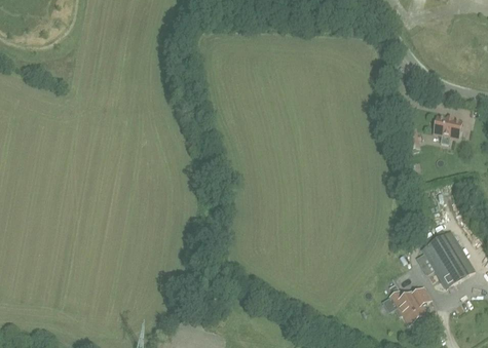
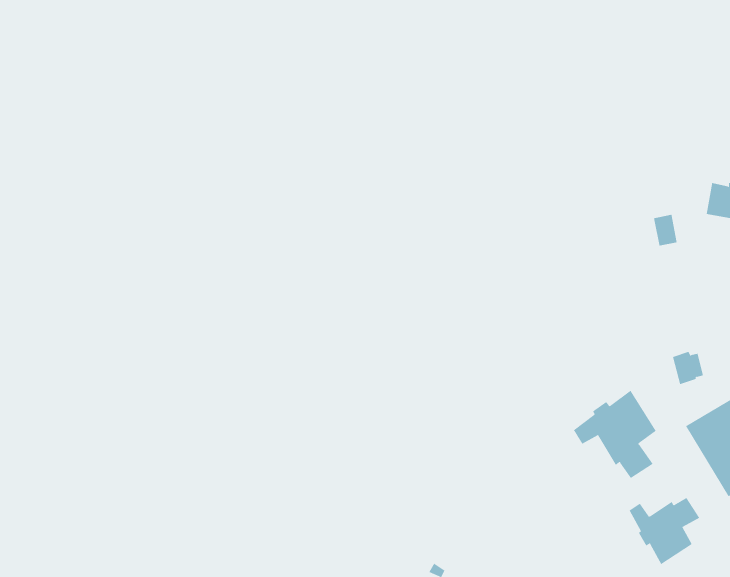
building: none -> [573,390,656,479]

